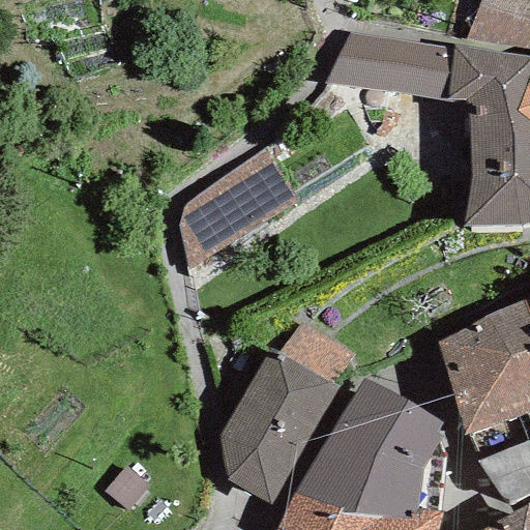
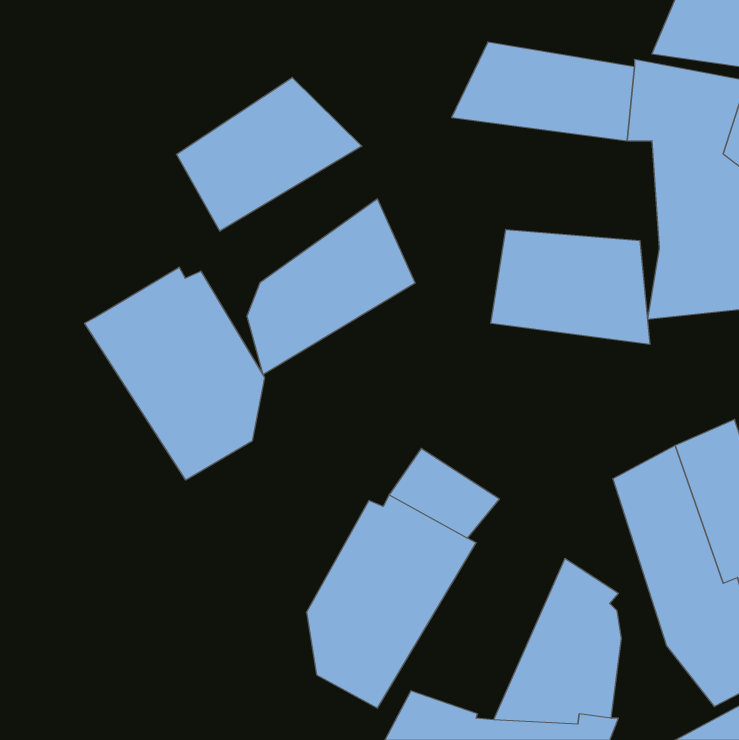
building: none -> [176,77,362,231]
building: none -> [491,229,650,344]
building: none -> [85,267,265,480]
building: [295,379,405,513] -> none

